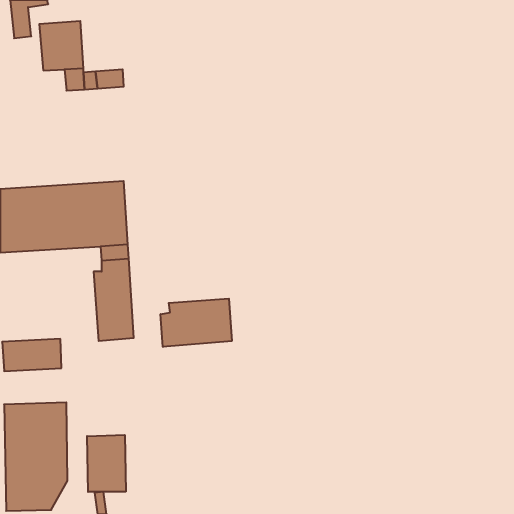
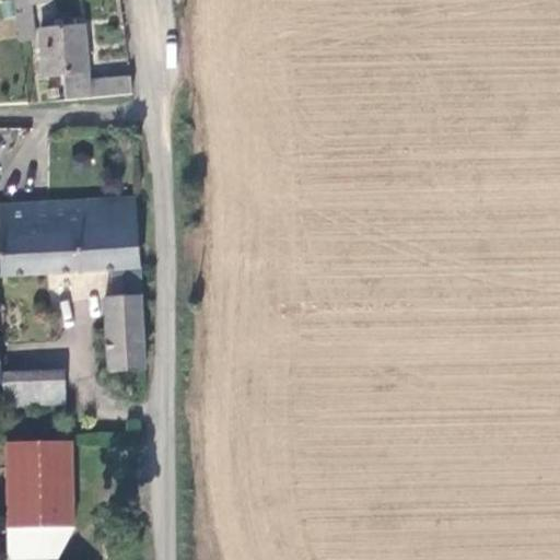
building: [161,299,232,347] -> none
building: [87,435,126,492] -> none

